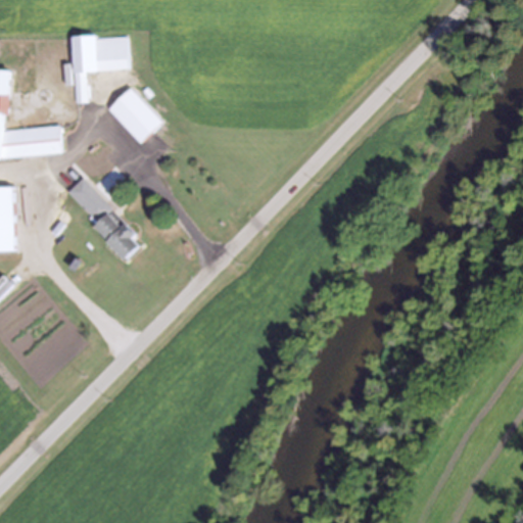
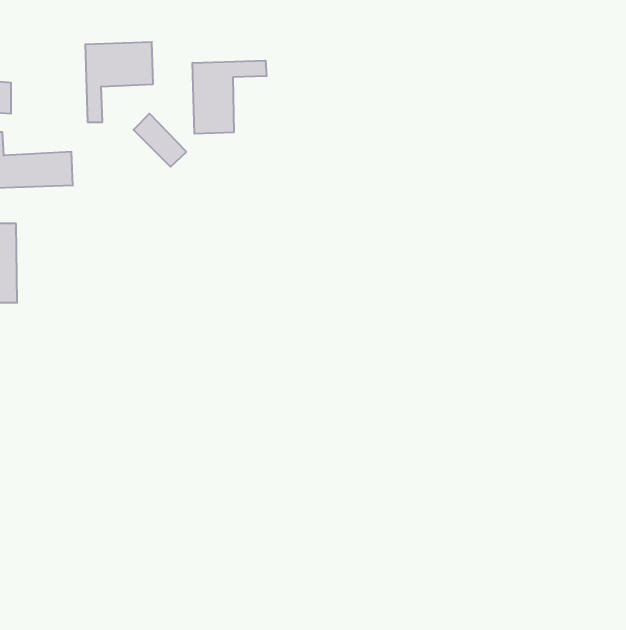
building: none -> [193,60,266,134]
building: [64,178,140,258] -> none

